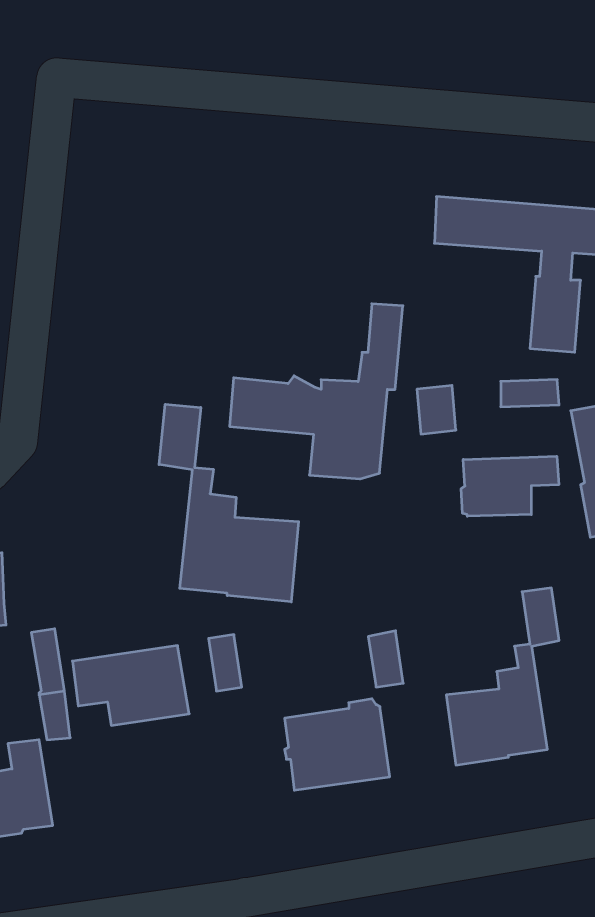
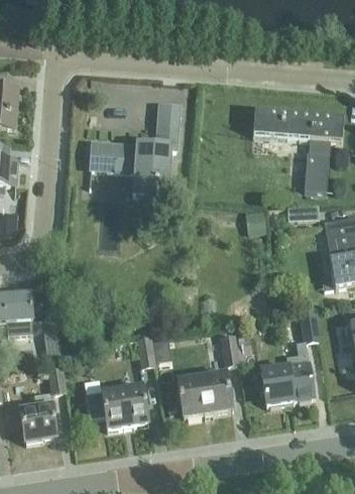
building: [230,304,403,479] -> [90,103,180,194]
building: [159,404,299,602] -> none
building: [461,456,559,516] -> none
building: [72,646,189,725] -> [87,385,147,426]

